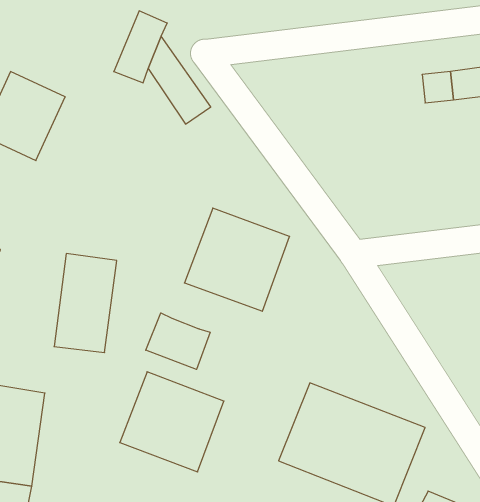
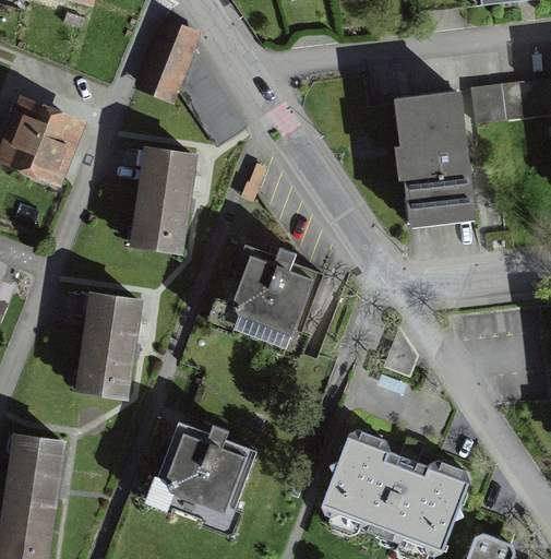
building: none -> [388,93,475,228]
building: none -> [130,146,199,252]
building: [146,313,210,369] -> none

